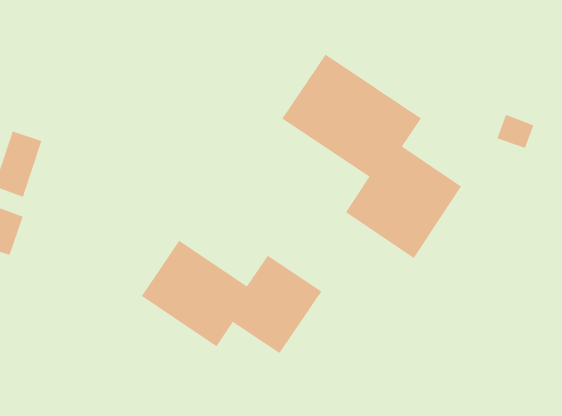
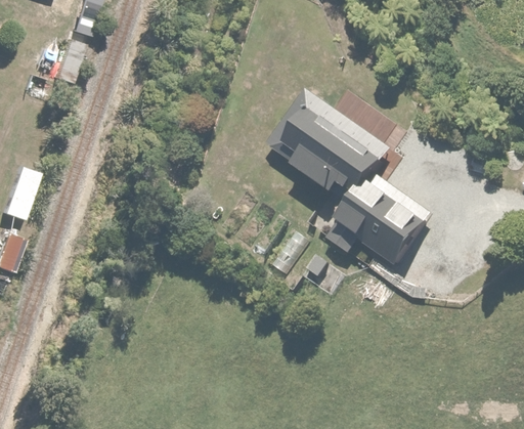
building: [141,240,322,354] -> none

